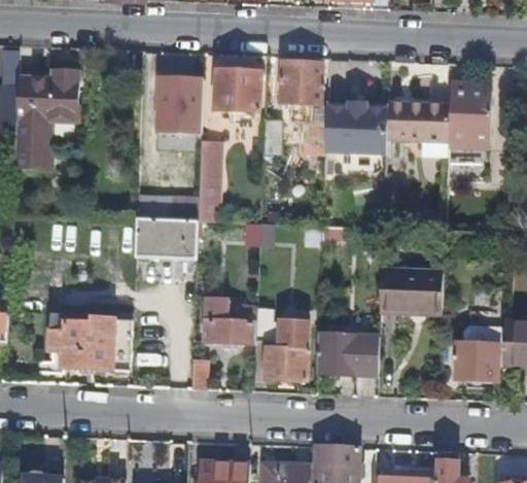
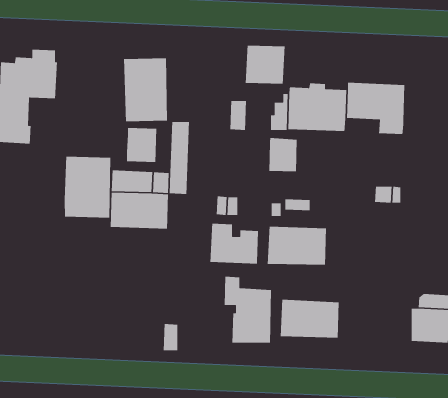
building: [214,69,261,112] -> none
building: [449,89,490,147] -> none
building: none -> [269,137,298,172]
building: none -> [64,156,111,218]
building: [380,270,444,312] -> [267,226,327,266]
building: [205,299,257,343] -> [210,223,259,264]
building: [51,317,132,371] -> none

